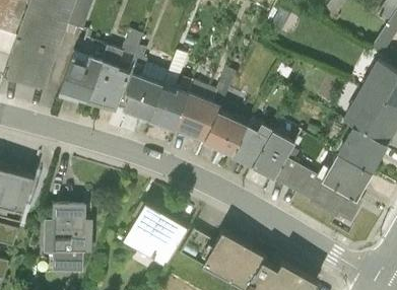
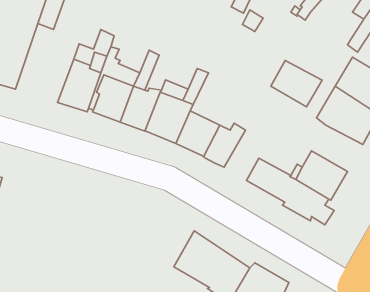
building: [58,55,103,102] -> none
building: [337,125,388,170] -> [271,61,322,107]
building: [251,130,294,179] -> none
building: [43,204,91,273] -> none
building: [122,205,188,269] -> none

